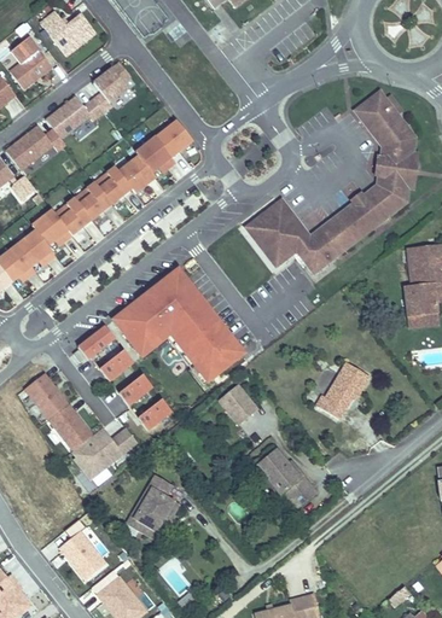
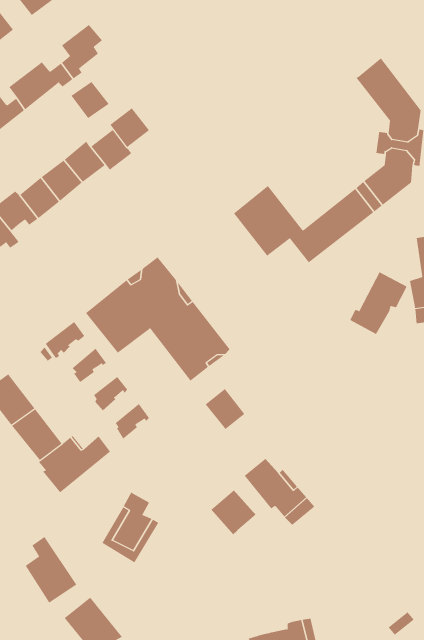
building: [156,121,191,154] -> [70,81,109,119]
building: [319,361,371,418] -> [350,272,407,335]
building: none -> [211,489,256,535]

